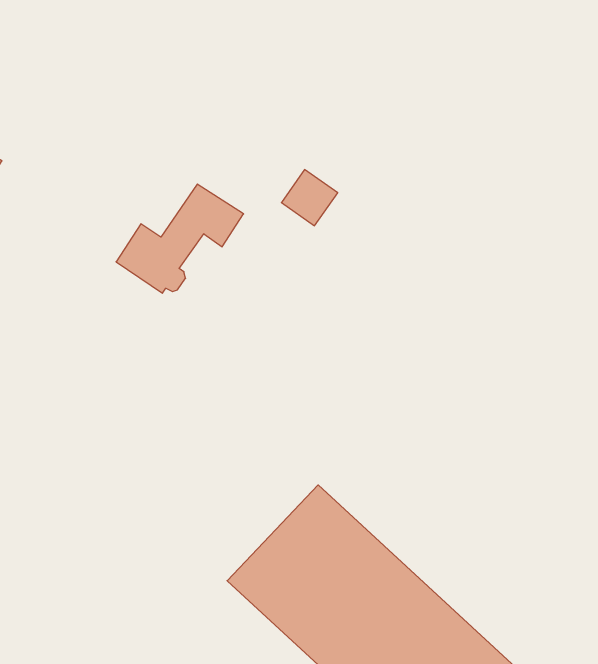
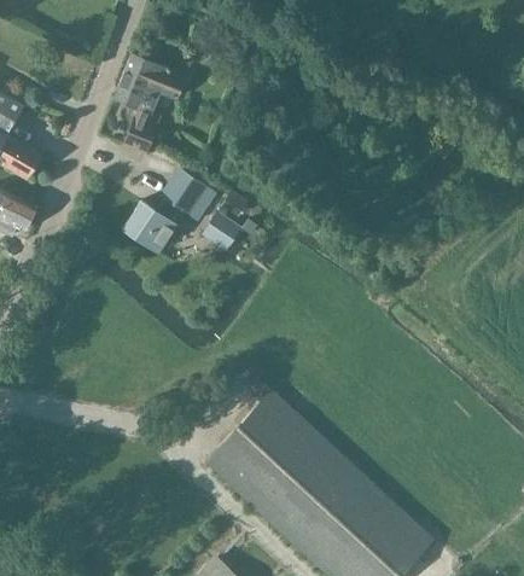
building: none -> [113,53,188,155]
building: [281,170,338,226] -> [203,210,244,251]

